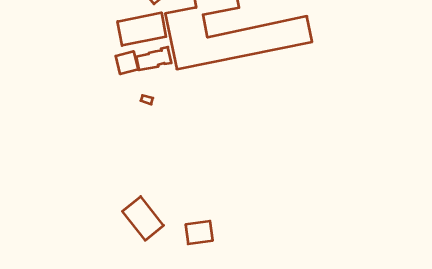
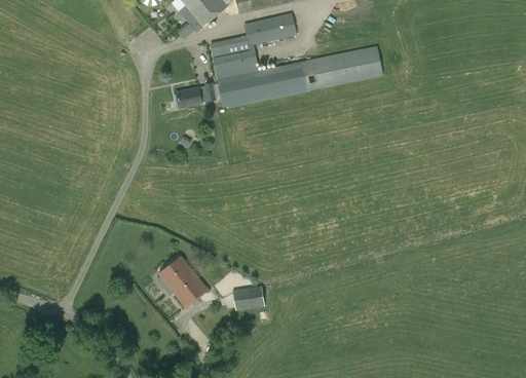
building: [118,13,166,46] -> none
building: [116,51,138,74] -> none

